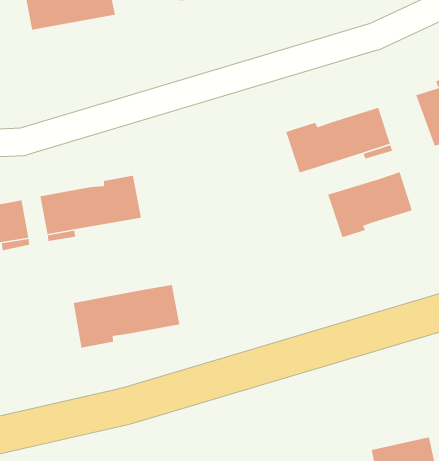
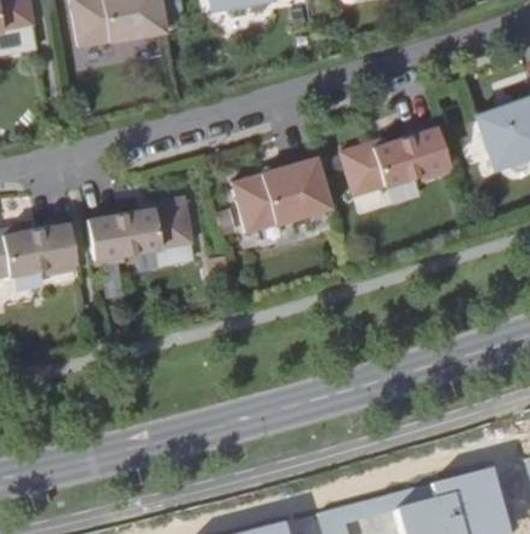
building: none -> [232,157,332,233]
building: [327,171,413,238] -> none
building: [73,284,180,348] -> none

